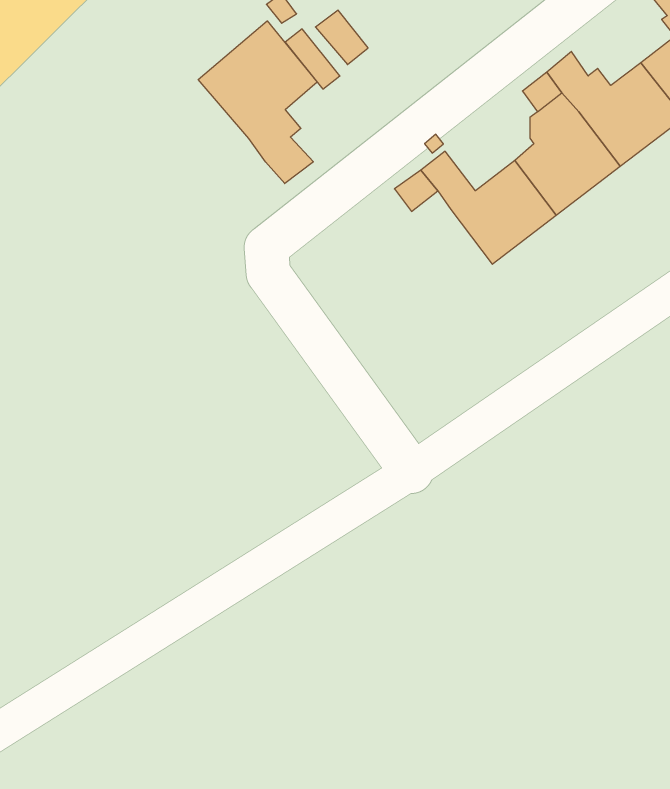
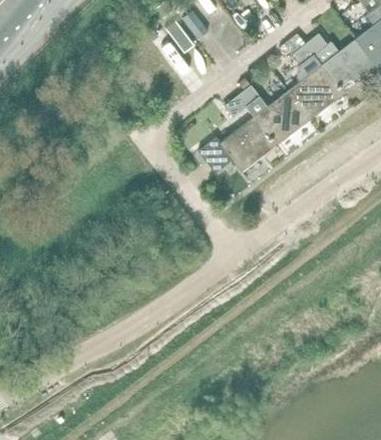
building: [198,21,317,184] -> none
building: none -> [197,117,276,174]

